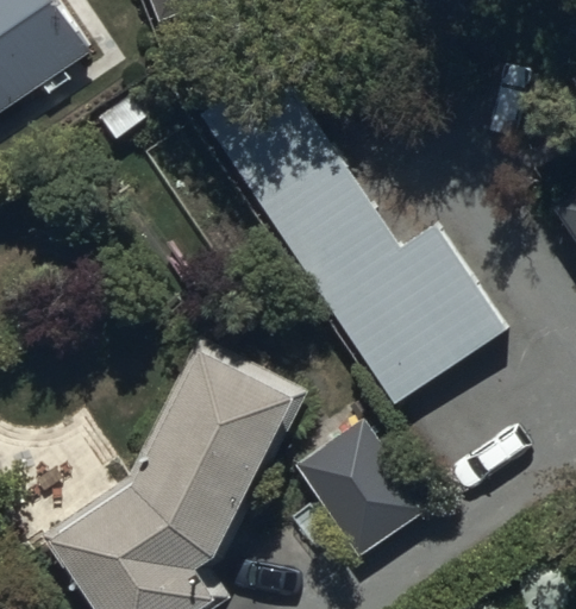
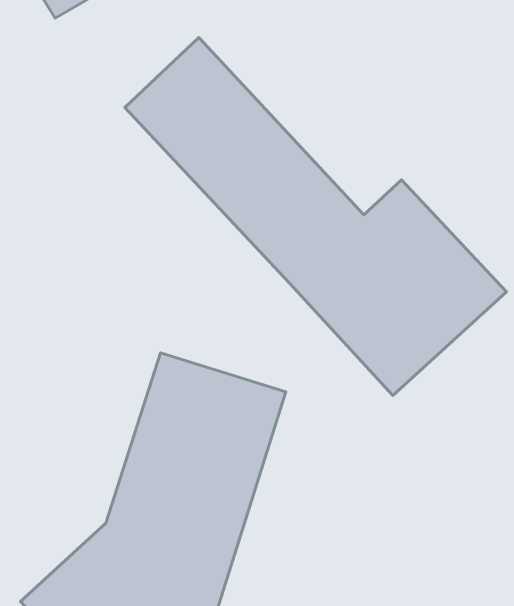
building: [296,420,425,558] -> none

